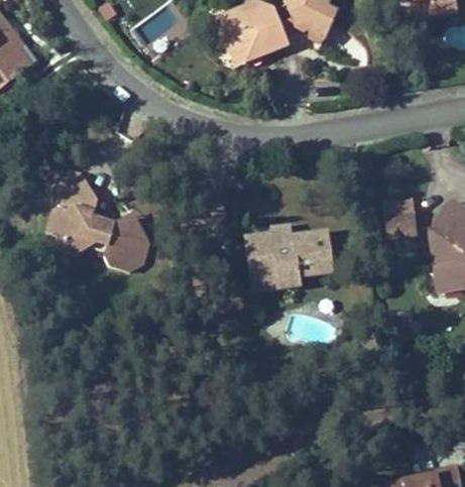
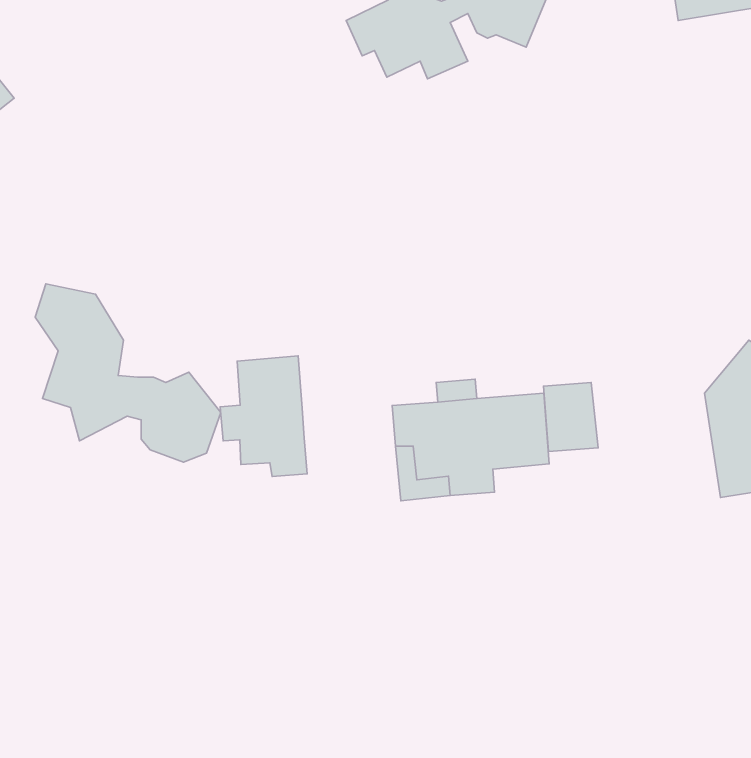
building: [212,16,268,67] -> none
building: [383,200,415,239] -> [543,383,598,451]
building: none -> [220,356,307,476]

